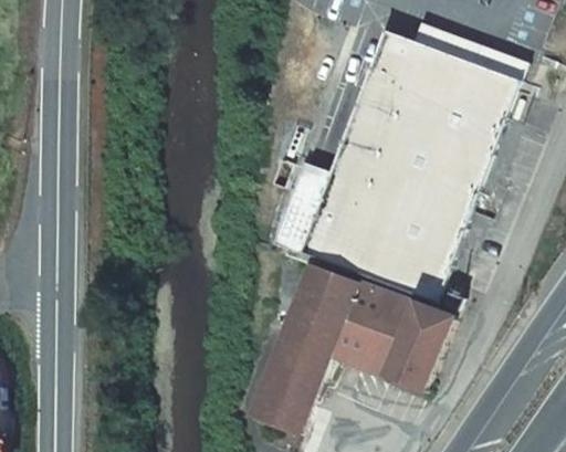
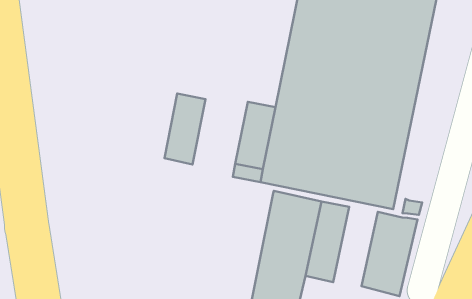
building: none -> [164,94,206,164]
building: [358,291,416,377] -> none

